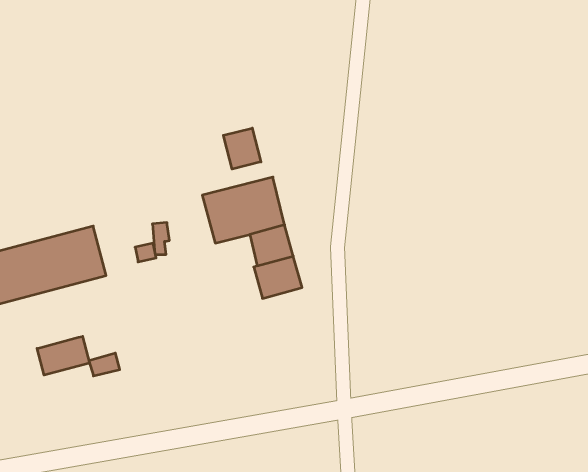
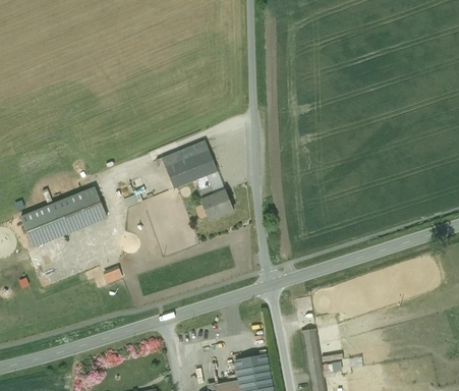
building: [223,128,261,169] -> none
building: [37,336,90,375] -> none

